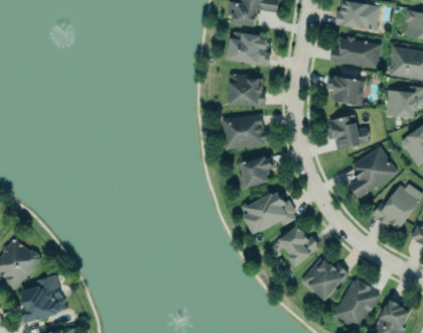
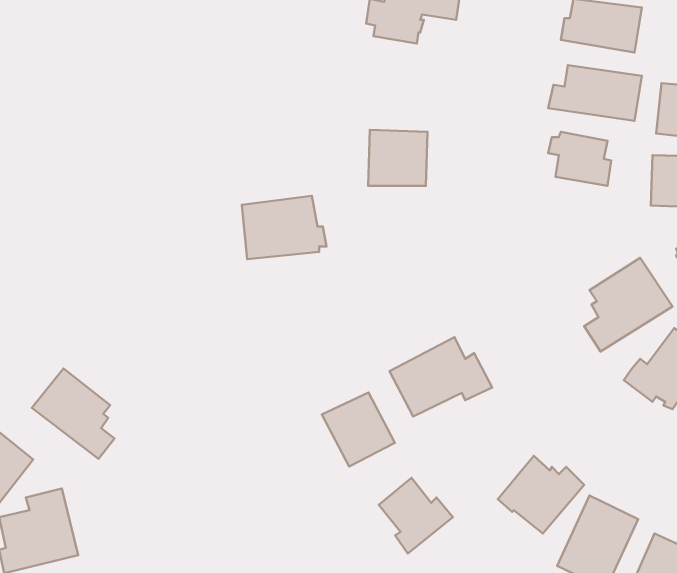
building: [227,31,270,65] -> none
building: [222,113,269,148] -> [242,196,326,259]
building: [326,113,372,150] -> none
building: [238,153,275,189] -> none
building: none -> [32,369,114,459]
building: none -> [322,393,395,467]
building: [279,224,320,266] -> [379,478,453,553]

